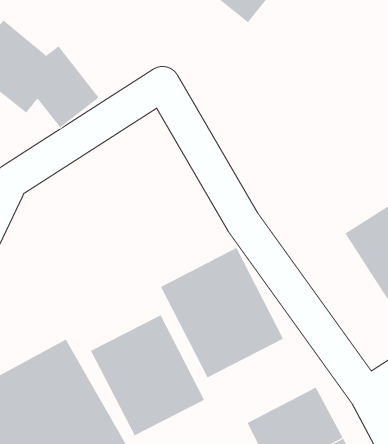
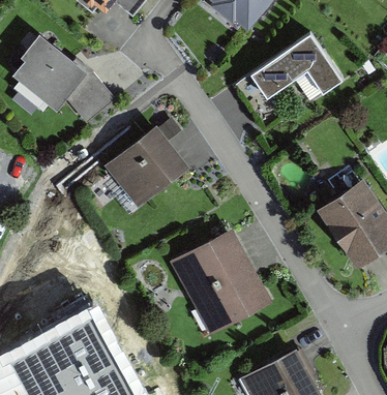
building: none -> [250,34,343,100]
building: none -> [94,119,204,212]
building: [90,314,205,436] -> none

